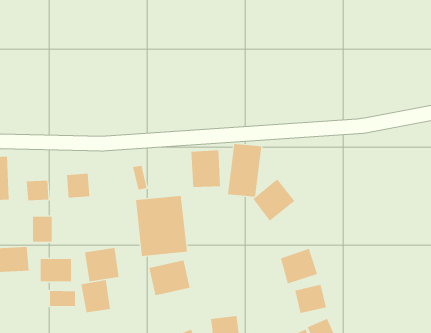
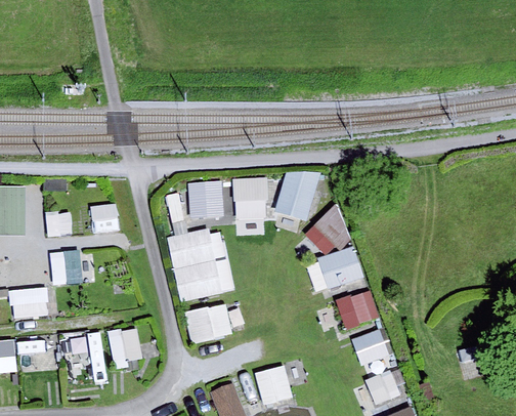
building: none -> [187,181,223,220]
building: none -> [318,247,363,290]
building: [84,247,119,282] -> none
building: [40,258,72,282] -> none

